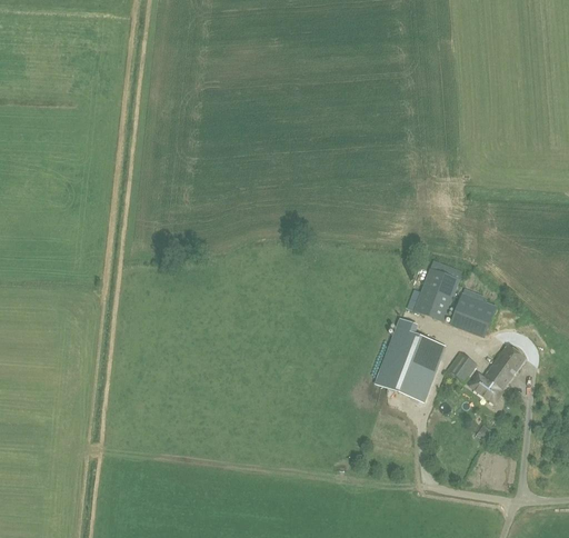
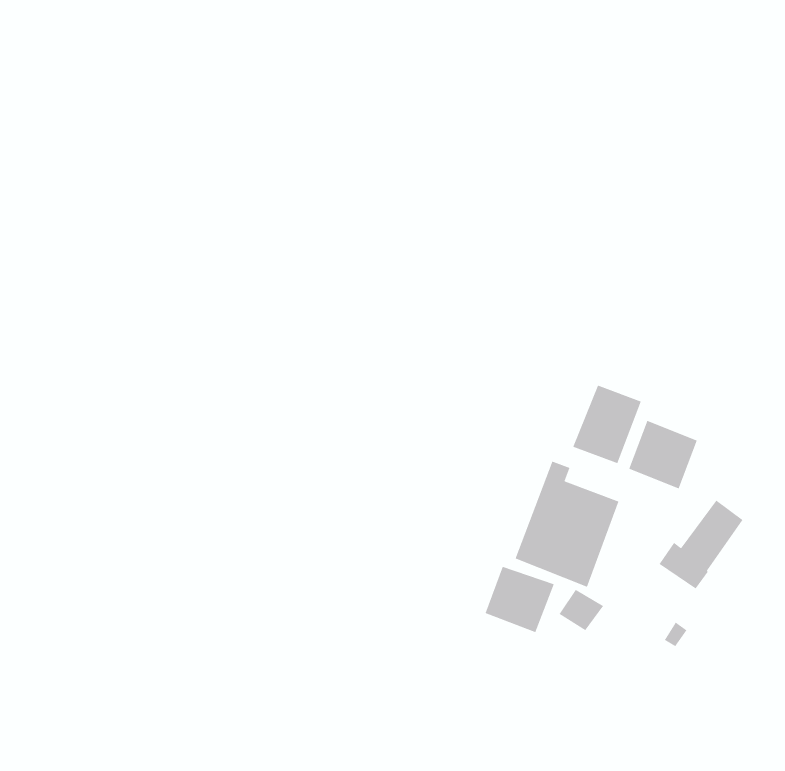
building: [447,352,477,380] -> [558,589,604,631]
building: none -> [484,566,555,633]

